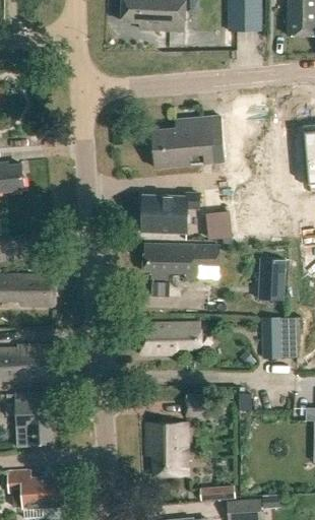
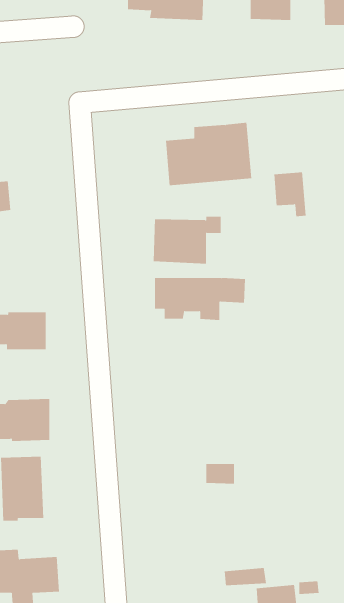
building: [204,210,232,248] -> [274,172,307,217]
building: [255,257,284,298] -> none
building: [263,317,285,358] -> none
building: [139,323,199,353] -> none
building: [146,421,187,474] -> none

